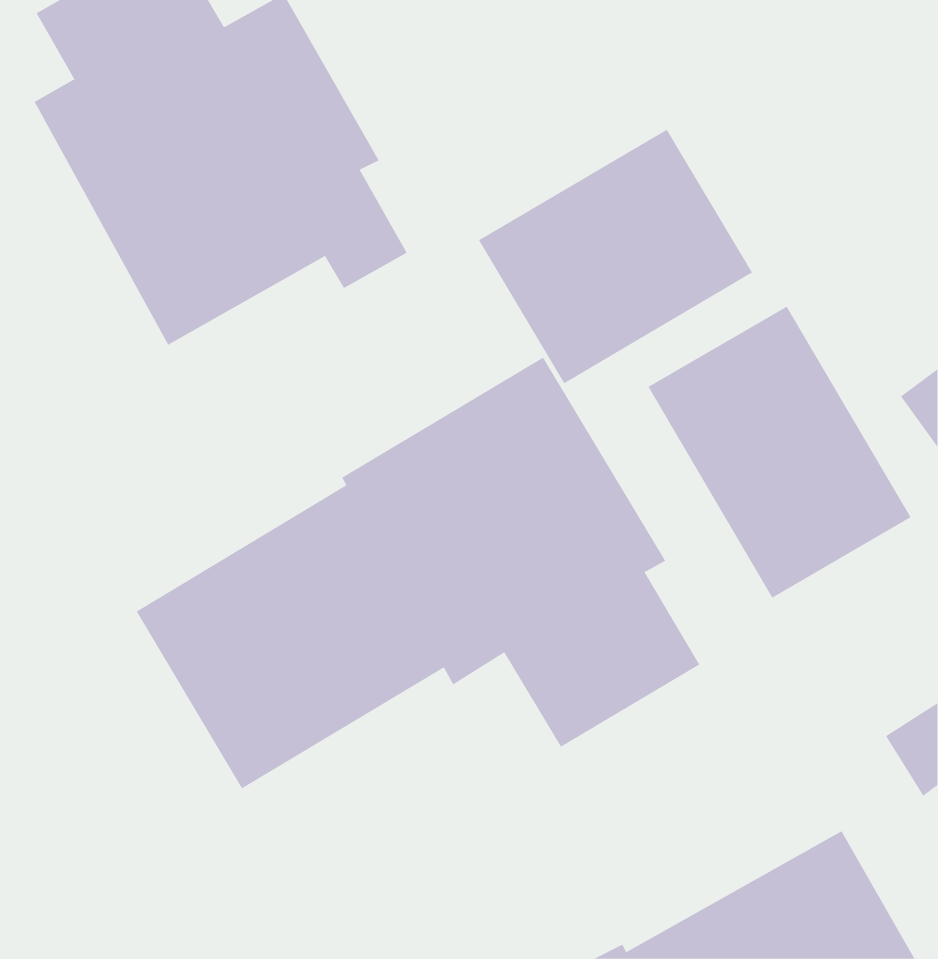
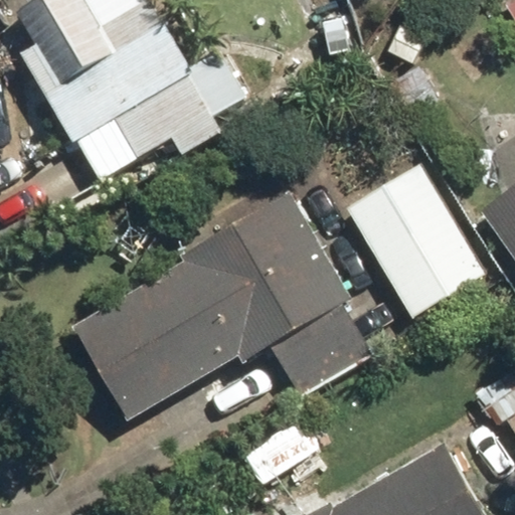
building: [478,129,753,384] -> none

